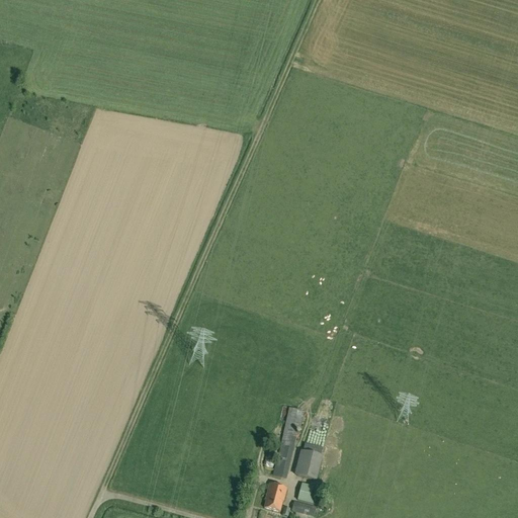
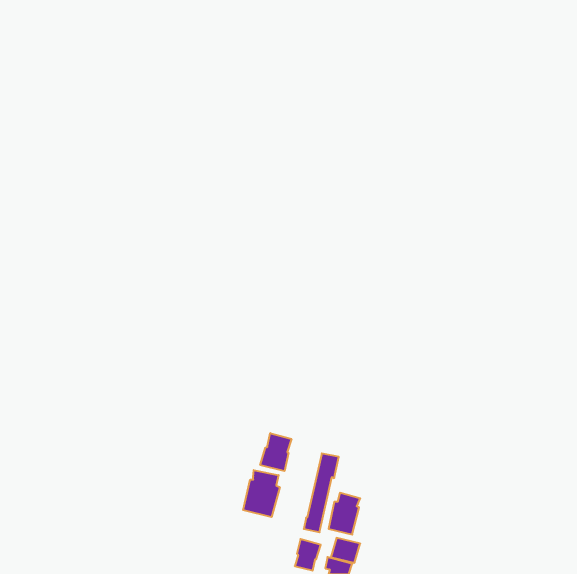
building: none -> [260,433,291,471]
building: none -> [243,470,280,517]

